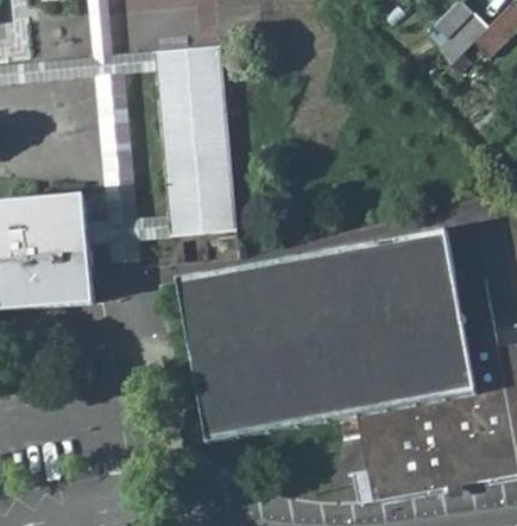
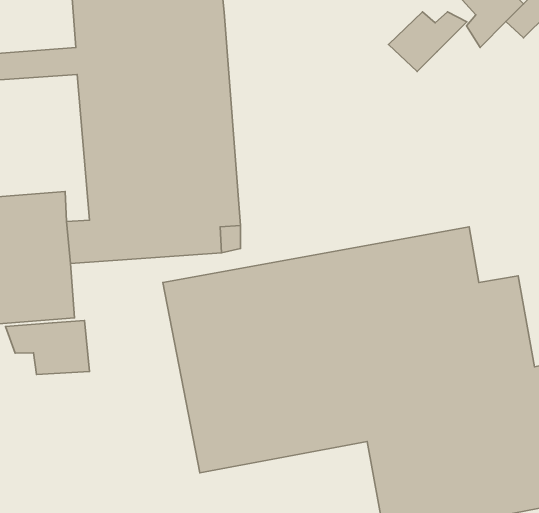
building: none -> [388,12,467,72]
building: none -> [6,321,89,374]

